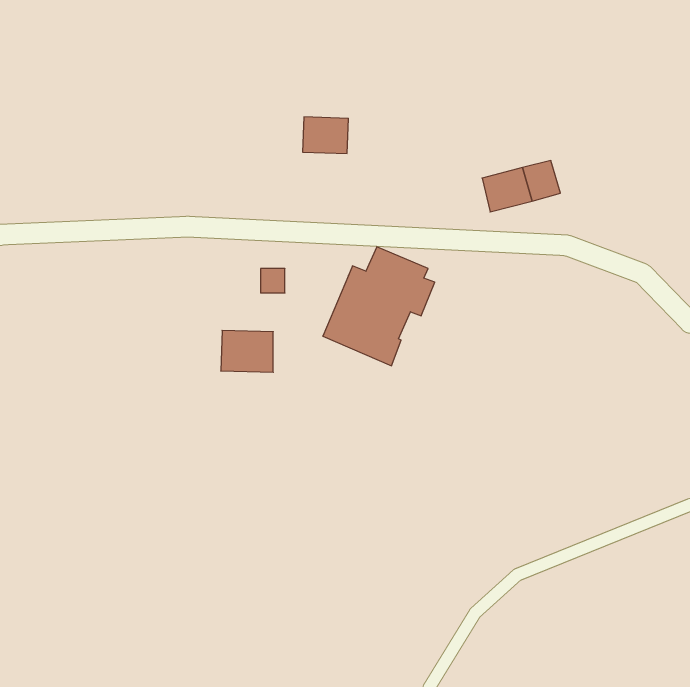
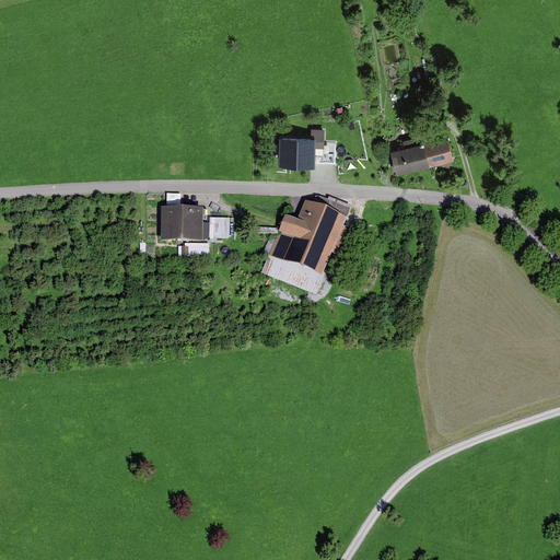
building: [303,117,348,153] -> [279,133,316,163]
building: [221,330,273,372] -> [161,207,203,241]

